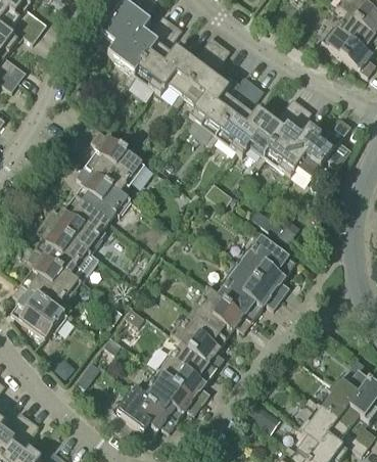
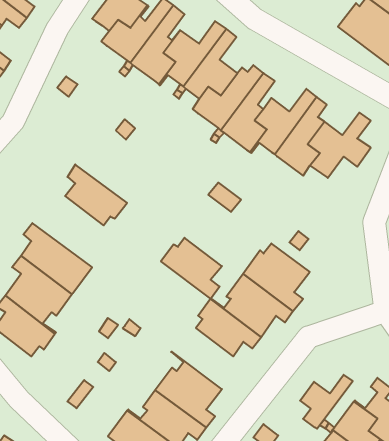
building: [83,129,144,200] -> none
building: [44,194,108,252] -> none
building: [171,314,226,369] -> [161,238,222,299]
building: none -> [300,375,353,429]

